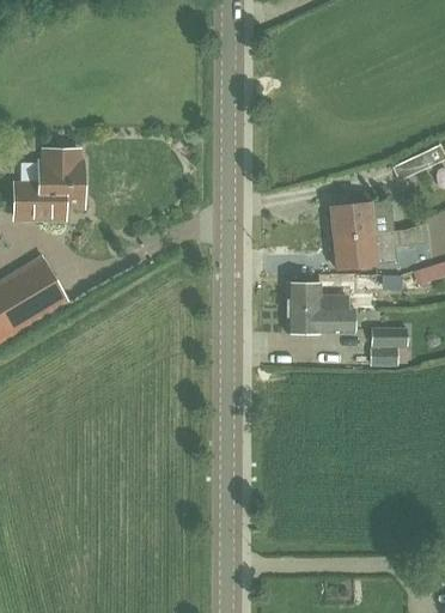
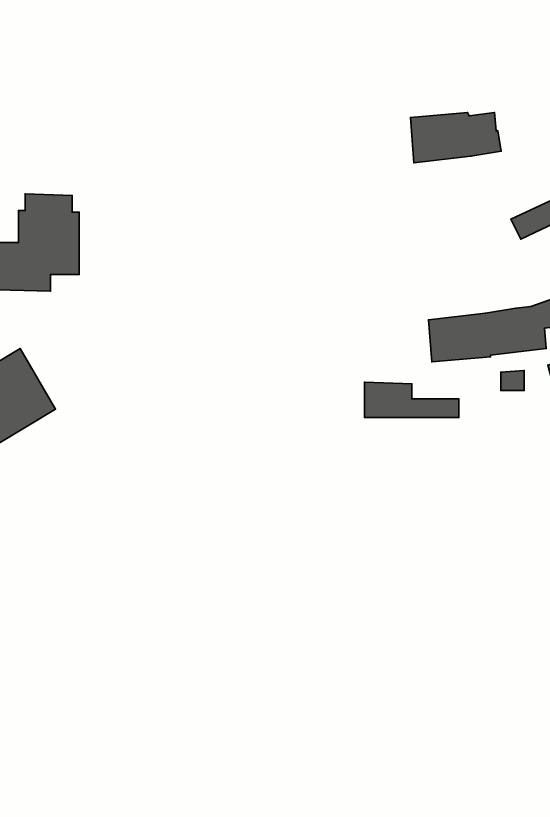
building: [330,202,395,238] -> [410,112,501,163]
building: [287,308,354,332] -> none
building: [371,328,407,366] -> none

